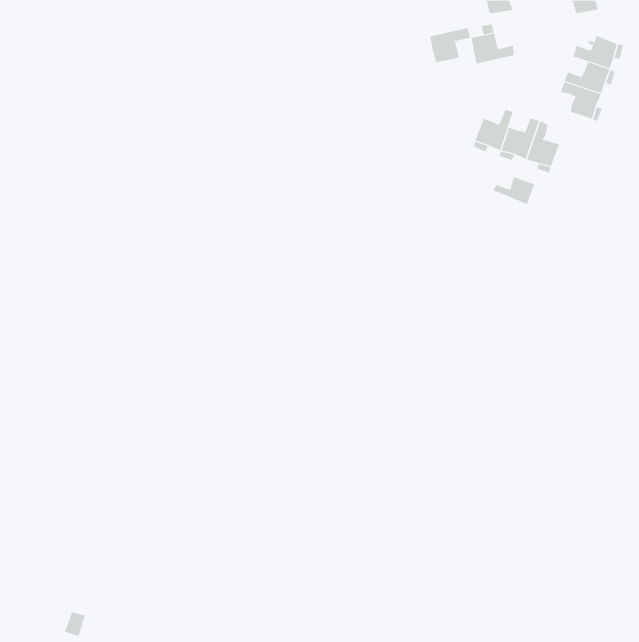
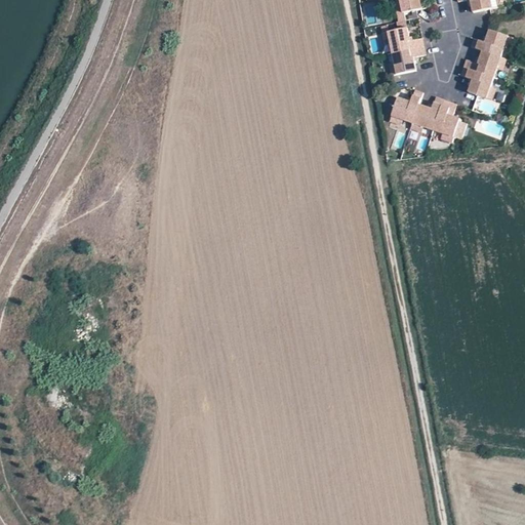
building: [429,28,471,63] -> [391,45,425,74]
building: [493,176,535,205] -> none

